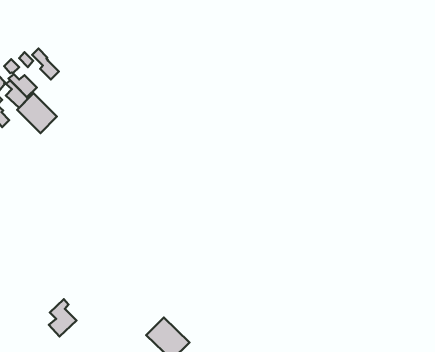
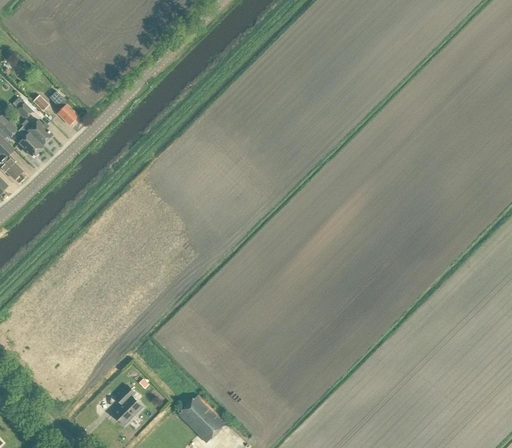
building: [17,93,57,133] -> none
building: [49,299,76,336] -> [110,384,141,426]

